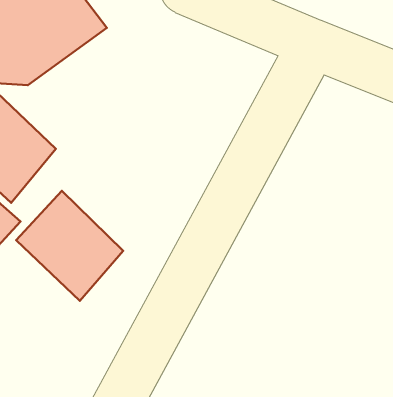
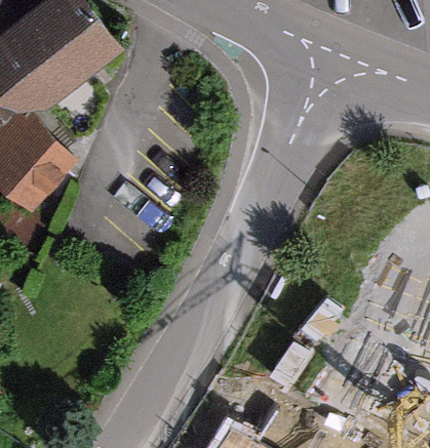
building: [16,191,123,301] -> none

